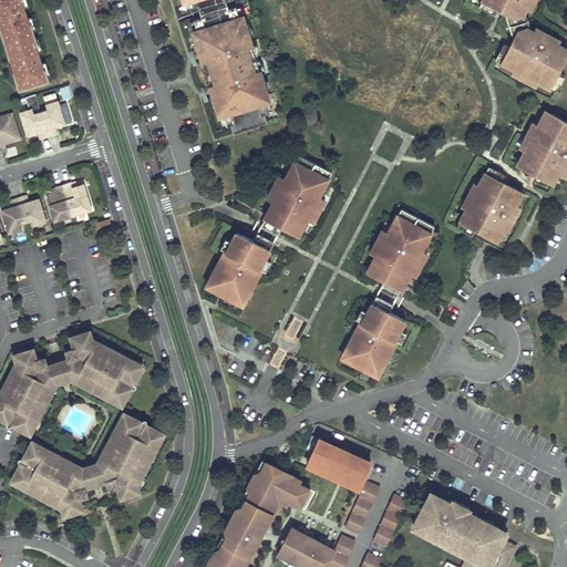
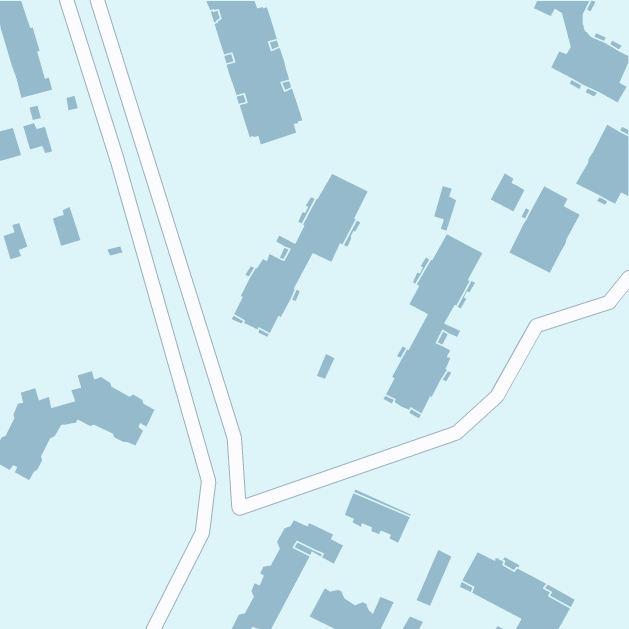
building: [41,102,64,137] -> none
building: none -> [489,172,526,213]
building: none -> [433,185,457,231]
building: [63,184,90,217] -> none
building: [18,198,45,227] -> none
building: [11,415,161,515] -> none
building: [344,482,378,534] -> none

